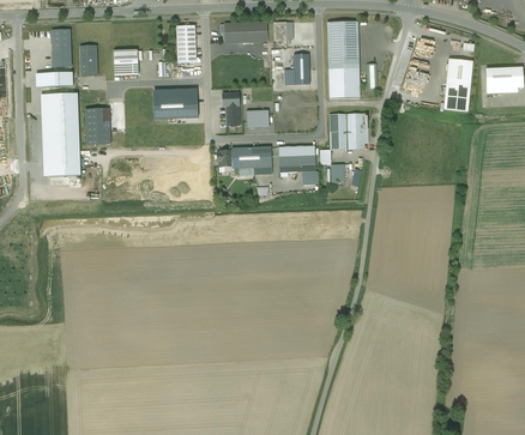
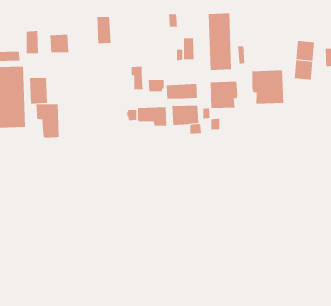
building: [219,22,267,42] -> none
building: [52,29,71,66] -> none
building: [153,87,198,119] -> none
building: none -> [252,70,284,104]
building: none -> [166,83,198,100]
building: none -> [36,103,59,139]

